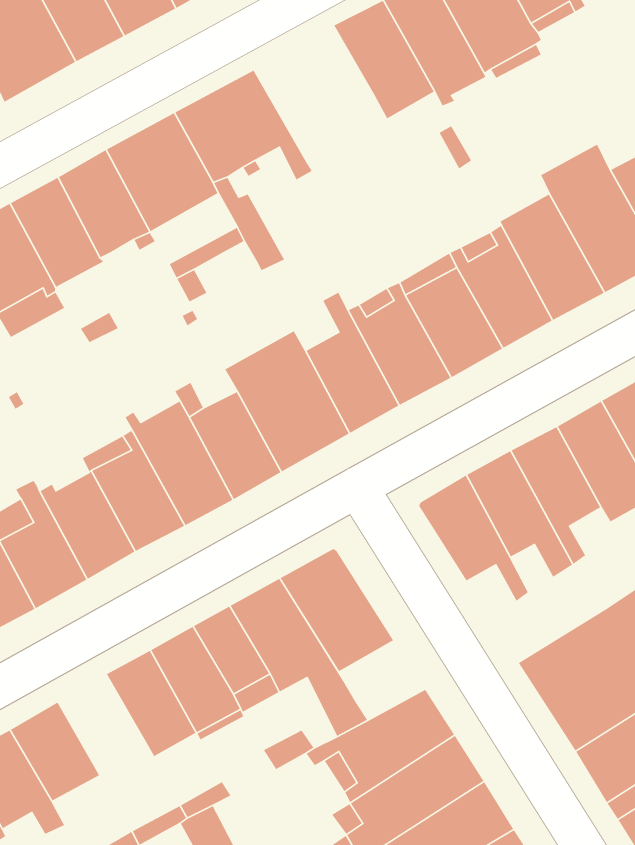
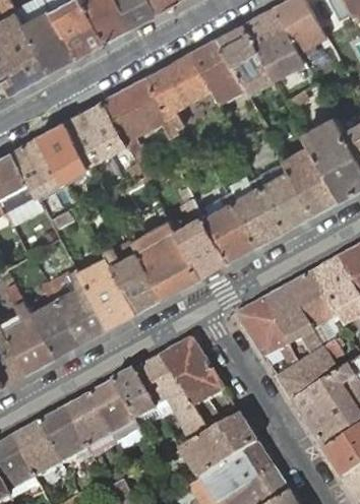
building: none -> [146,52,213,127]
building: none -> [277,339,342,402]
building: none -> [39,408,88,464]

